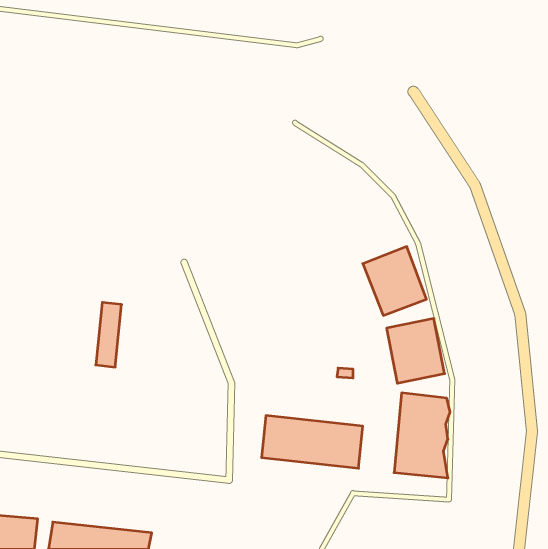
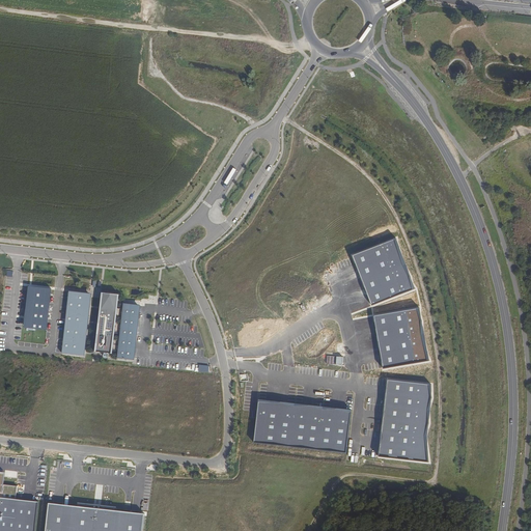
building: none -> [22,285,49,328]
building: none -> [60,289,90,355]
building: none -> [115,302,139,359]

